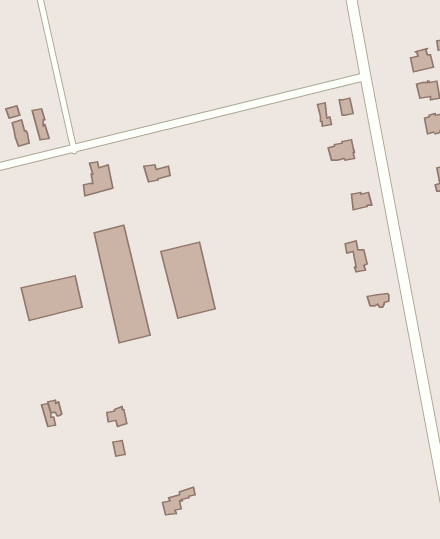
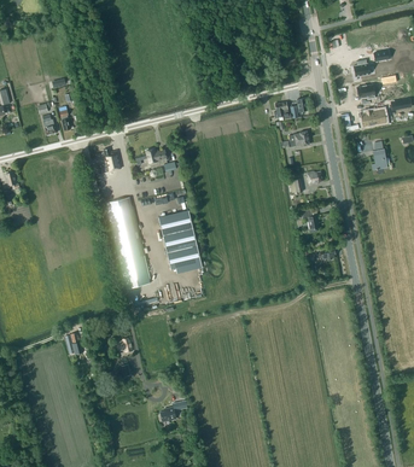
building: [21,276,82,320] -> none

